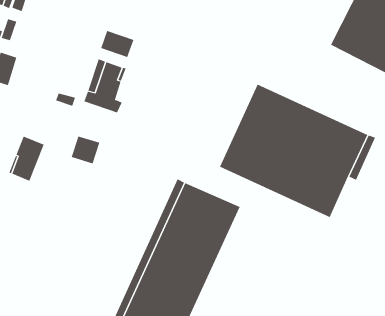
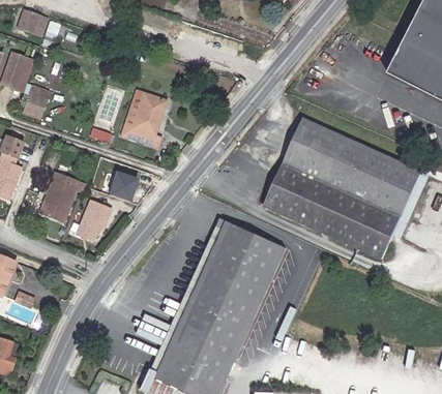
building: [100,30,134,58] -> none
building: none -> [73,199,111,244]

